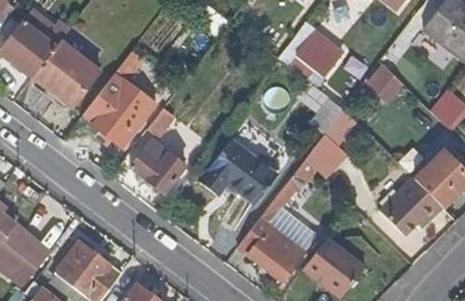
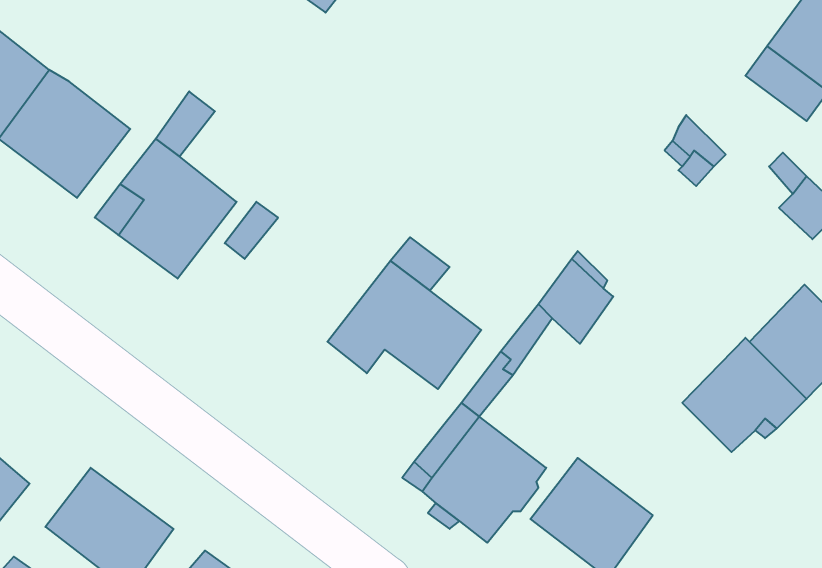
building: [289,31,343,79] -> none
building: [130,150,186,193] -> none

